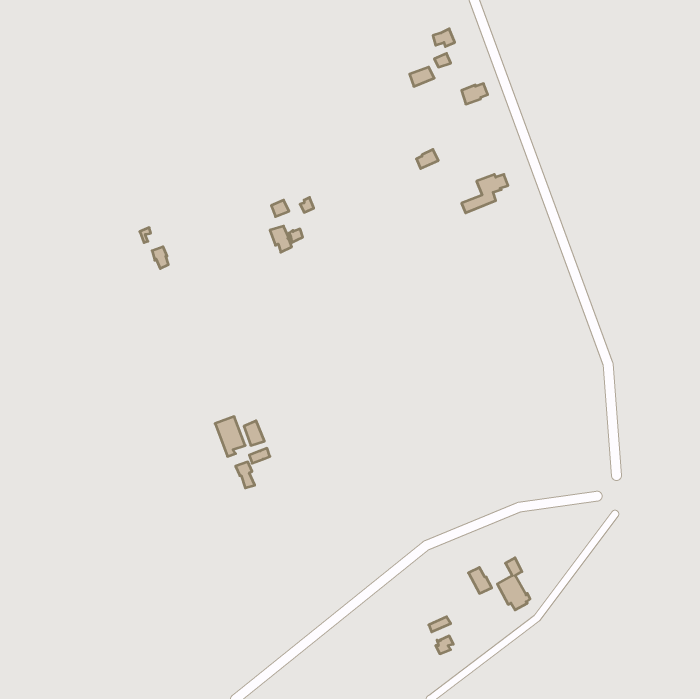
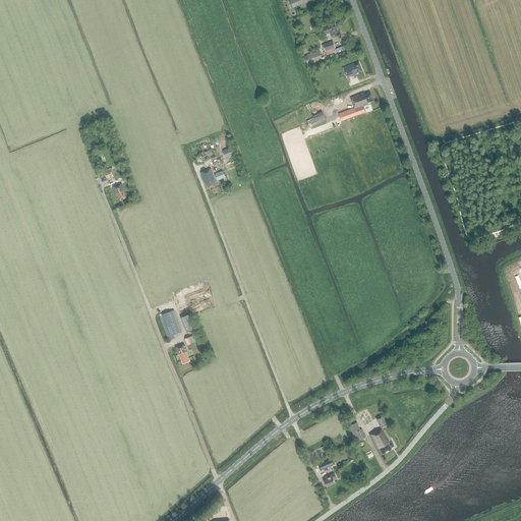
building: [462,174,508,213] -> [339,92,373,120]

